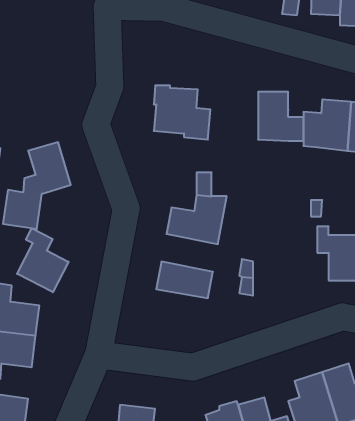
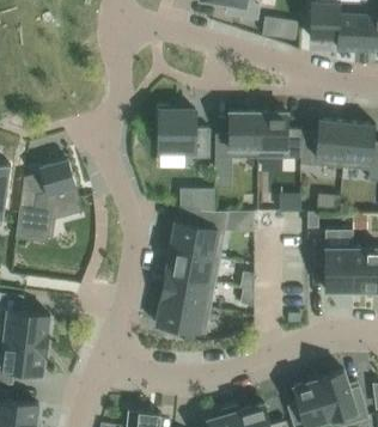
building: none -> [214,112,257,158]
building: [17,228,69,292] -> none
building: none -> [165,248,219,283]
building: none -> [156,300,209,335]

